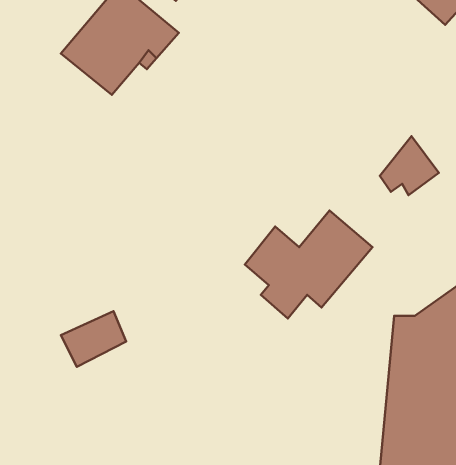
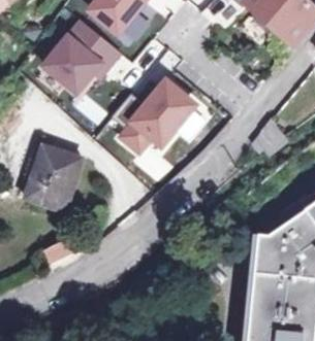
building: none -> [25,146,86,213]
building: [245,210,372,319] -> [111,81,193,151]

